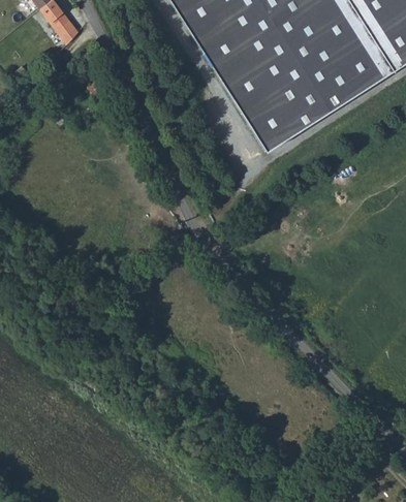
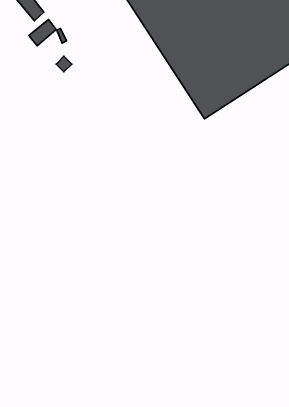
building: none -> [29,19,56,46]

